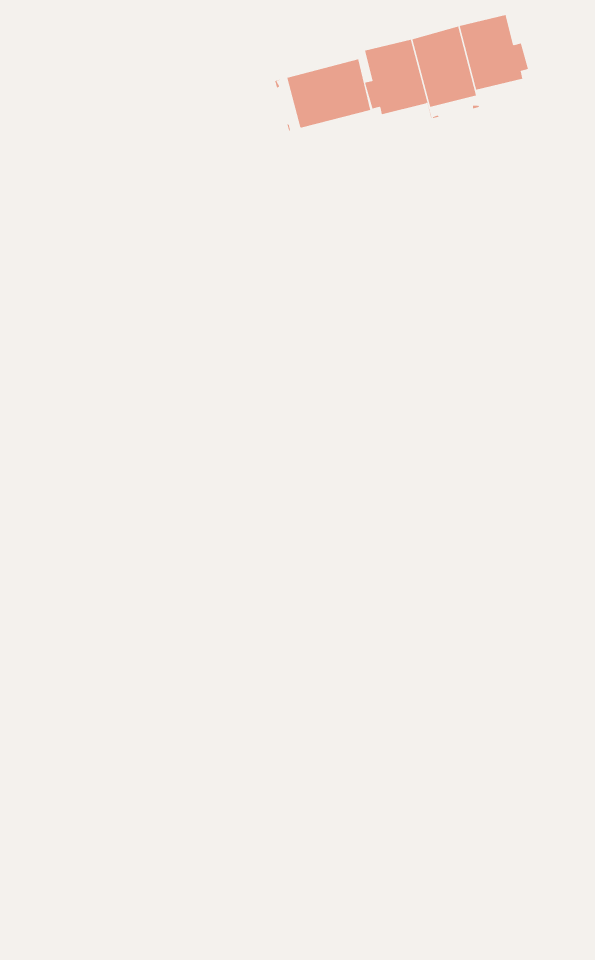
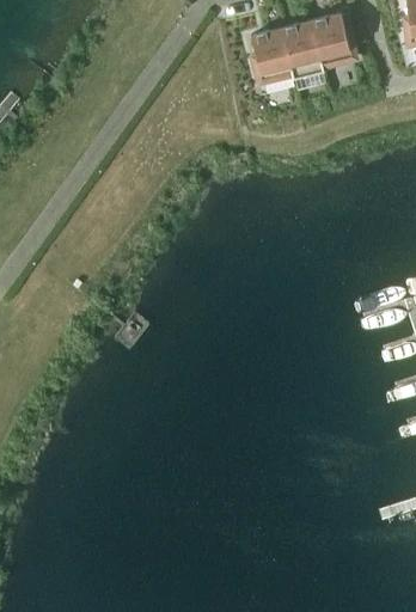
building: [275,59,371,131] -> none

